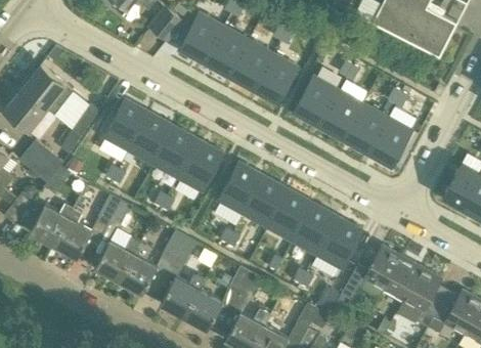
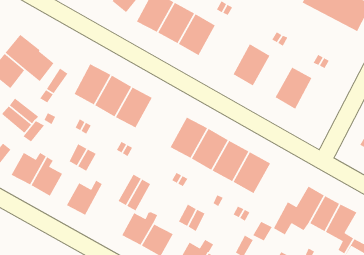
building: [253,53,298,103] -> none
building: [317,89,363,139] -> none
building: [367,116,412,167] -> none
building: [178,139,224,189] -> none
building: [318,217,362,267] -> none
building: [119,242,158,293] -> none

